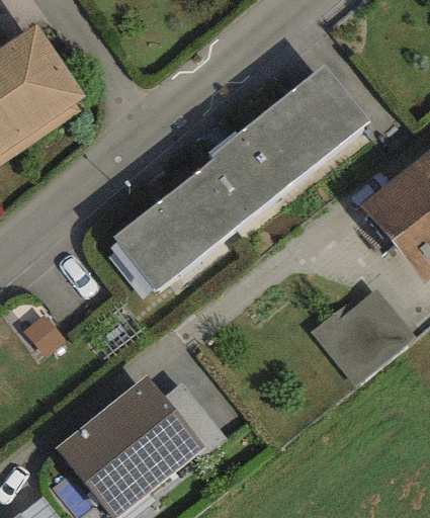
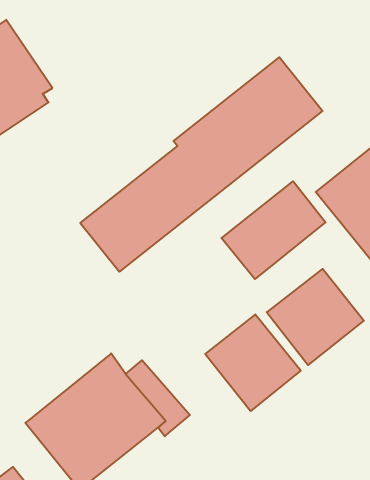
building: none -> [221,181,326,279]
building: none -> [205,314,301,411]

